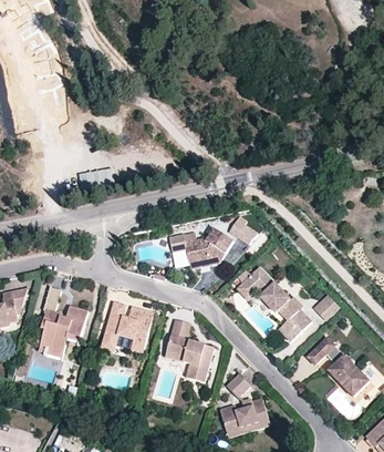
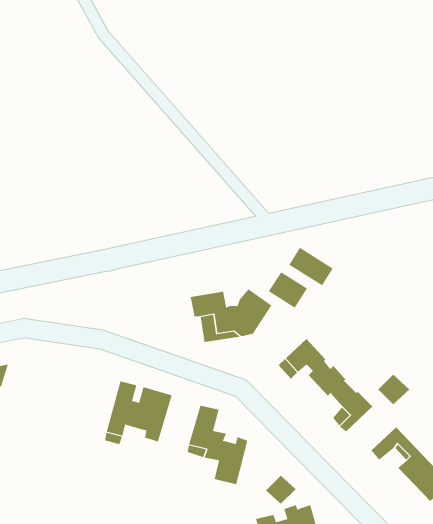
building: none -> [289,247,333,286]
building: [39,286,89,370] -> none

